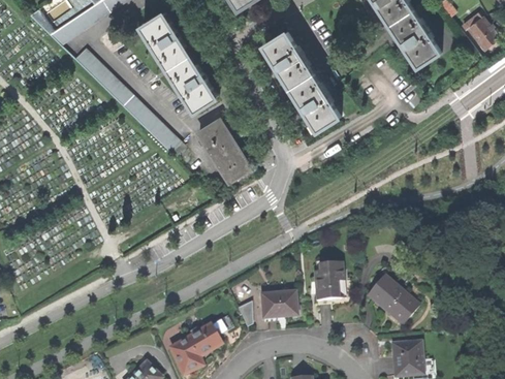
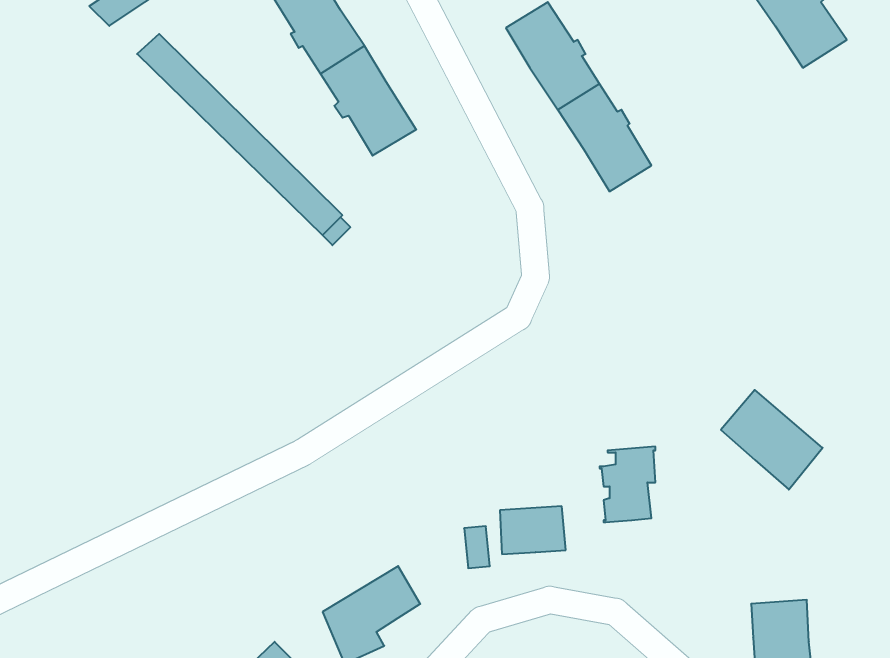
building: [196,119,250,184] -> none
building: [366,275,418,326] -> [721,390,823,490]

